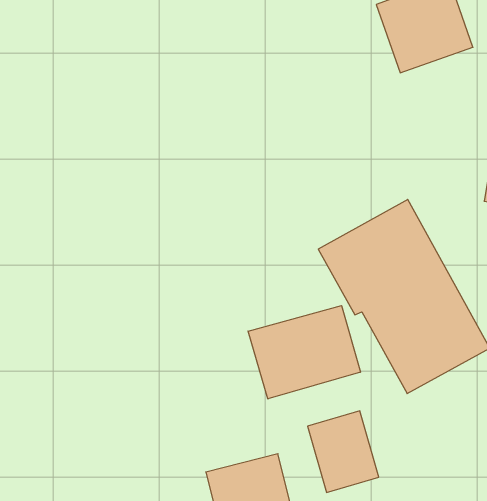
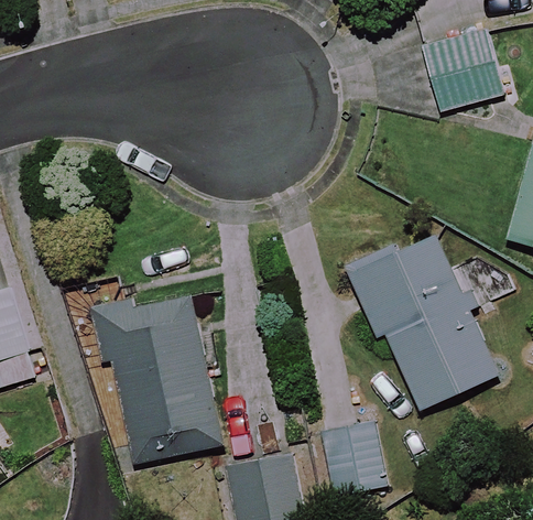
building: none -> [99,288,222,464]
building: [248,306,360,399] -> none

